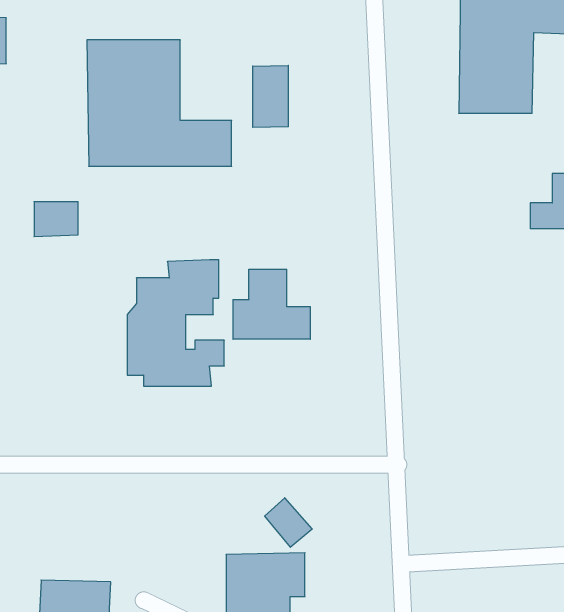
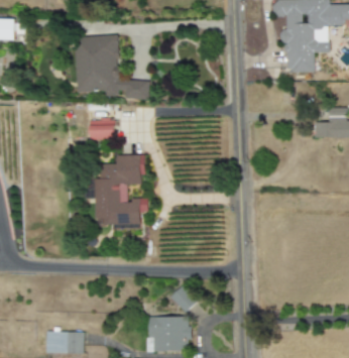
building: [253,65,288,127] -> none
building: [34,202,78,237] -> [90,121,114,140]
building: [233,269,310,339] -> none

